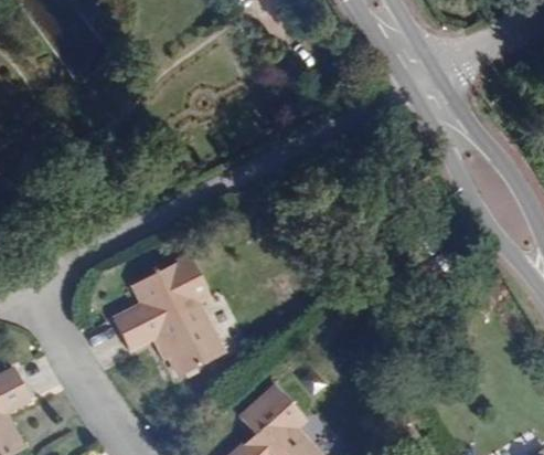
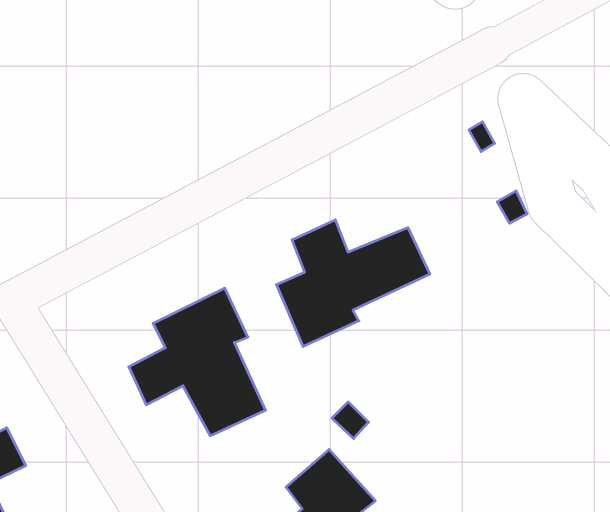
building: none -> [276,220,430,347]

